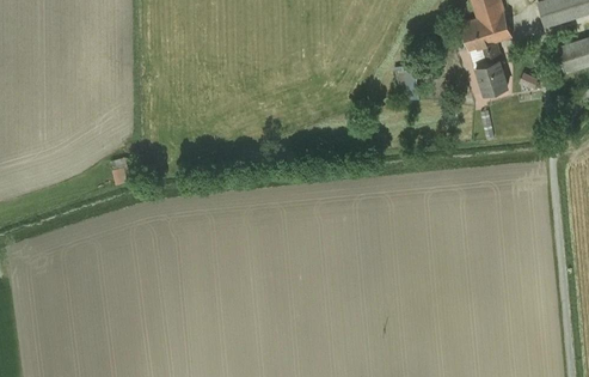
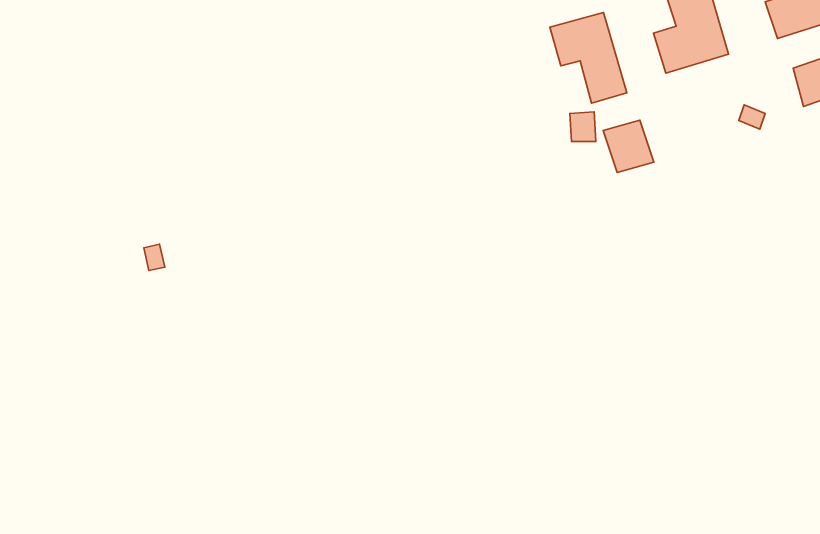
building: none -> [550,12,627,103]
building: [474,61,509,97] -> [603,120,654,173]

